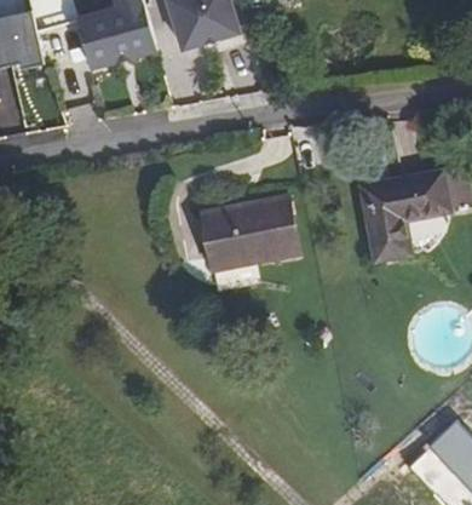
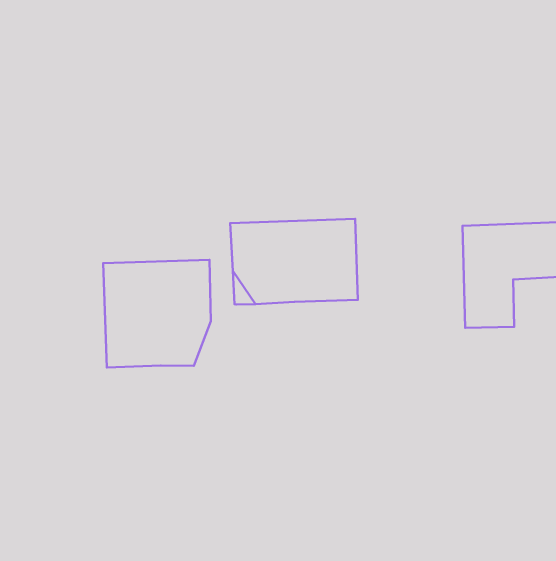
building: none -> [103,260,211,367]

